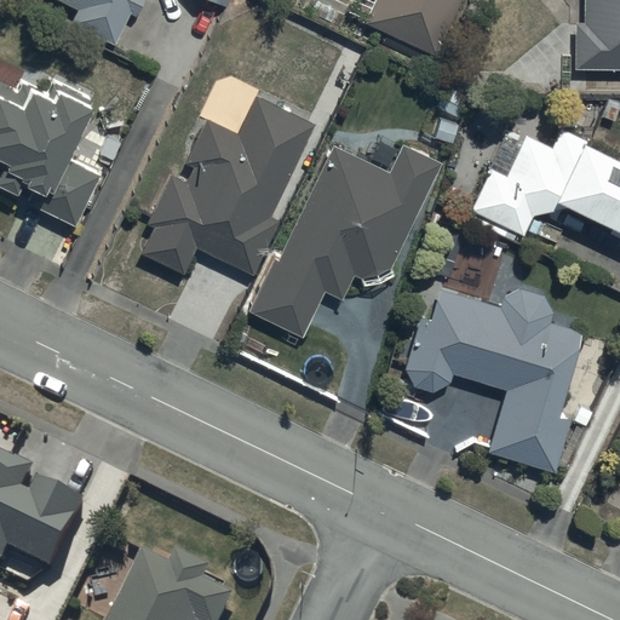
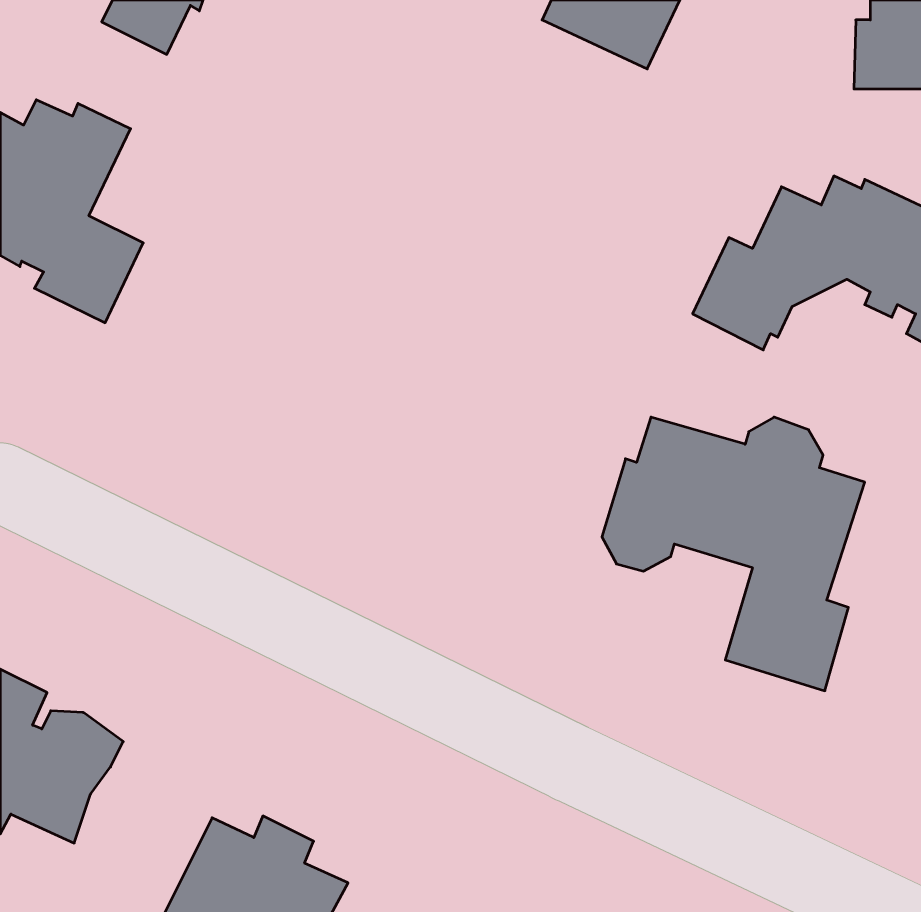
building: [140,94,316,275] -> none
building: [248,143,442,337] -> none

